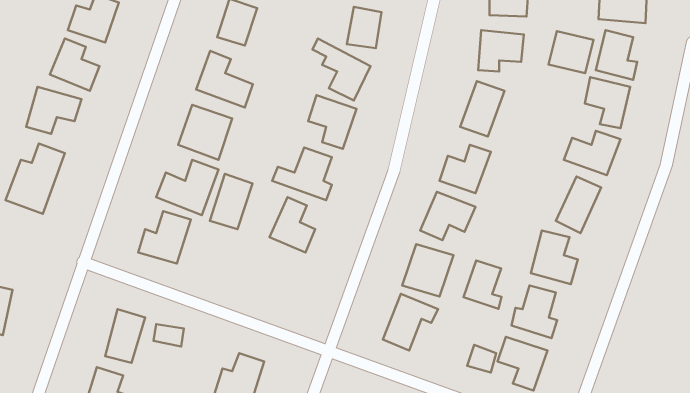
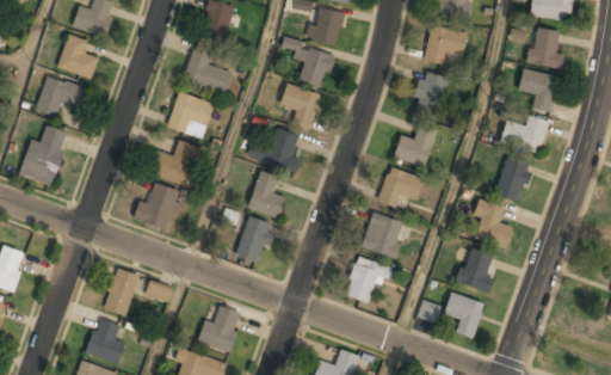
building: [548,31,593,73] -> none
building: [210,174,253,229] -> [235,216,272,264]
building: [463,261,501,309] -> none

